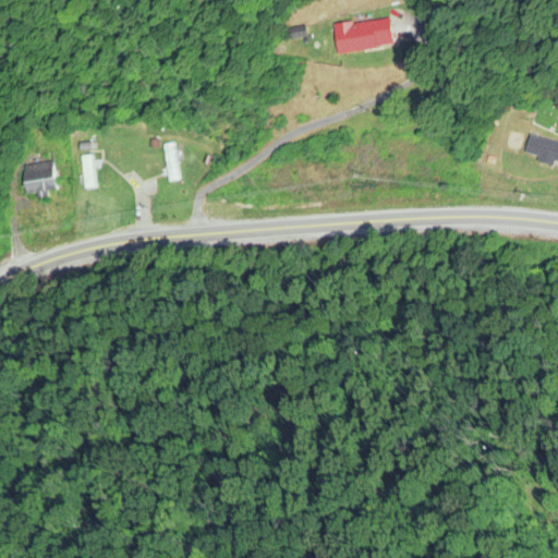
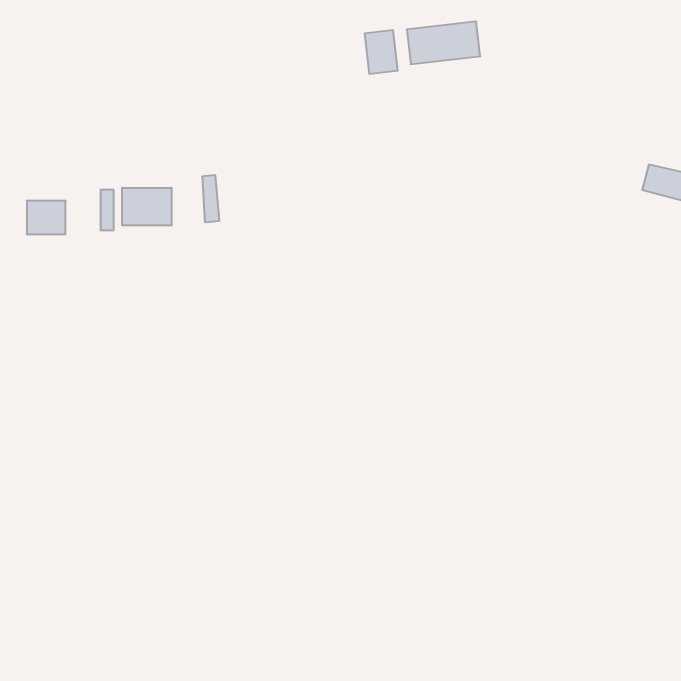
building: none -> [365,30,398,74]
building: none -> [122,188,172,225]

